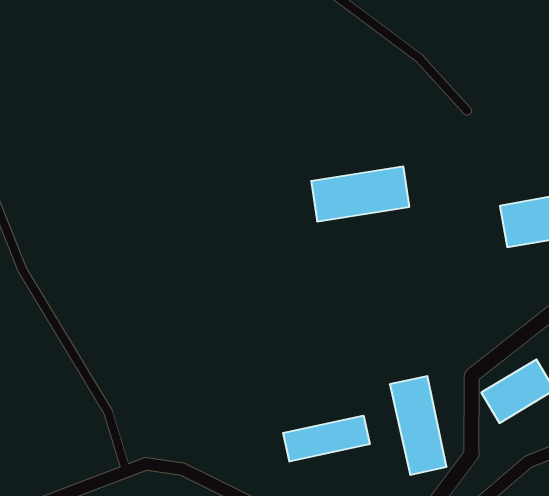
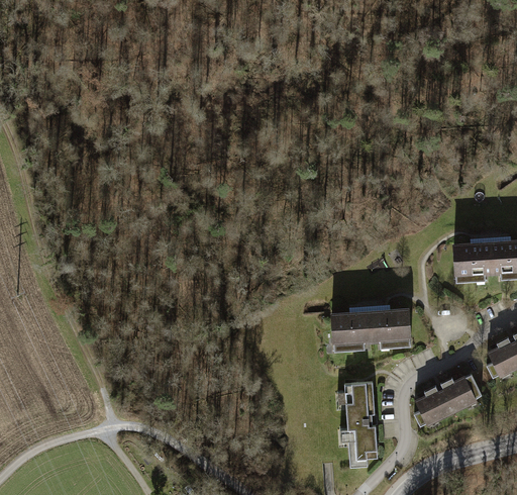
building: [311,167,409,221] -> [332,308,412,345]
building: [283,416,370,462] -> none

